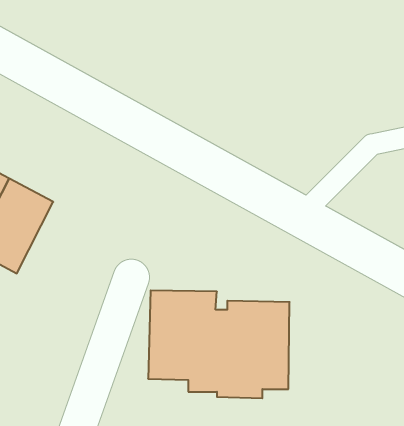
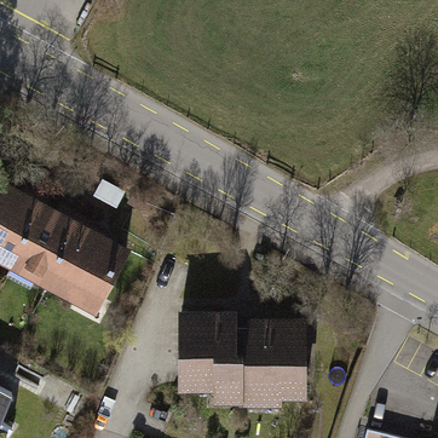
building: none -> [57,225,133,313]

